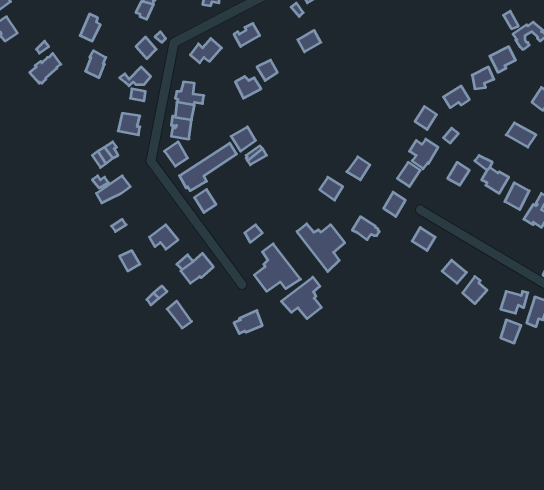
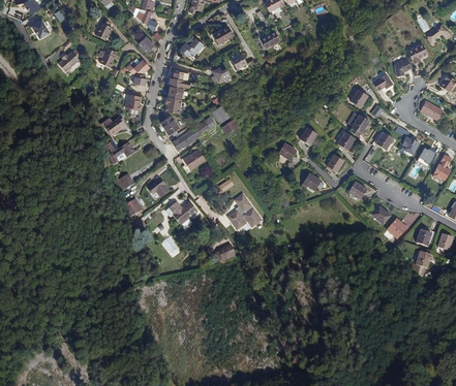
building: [297,224,345,272] -> none
building: [281,277,321,319] -> none

